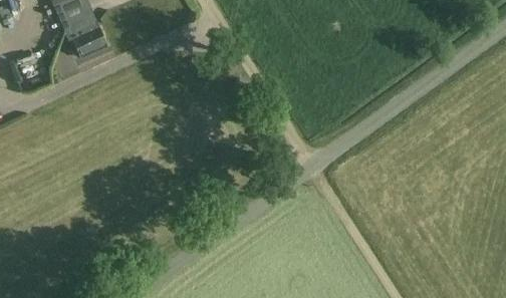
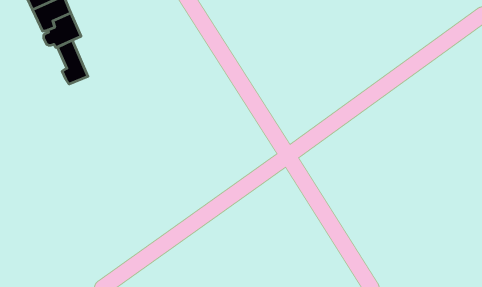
building: none -> [58,40,88,84]

